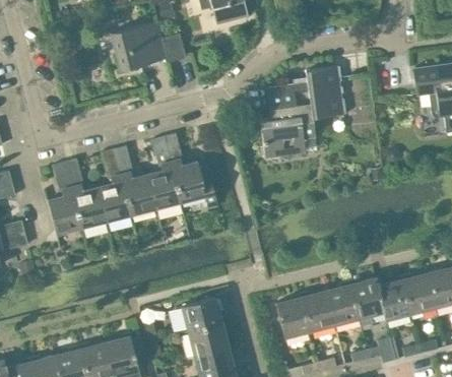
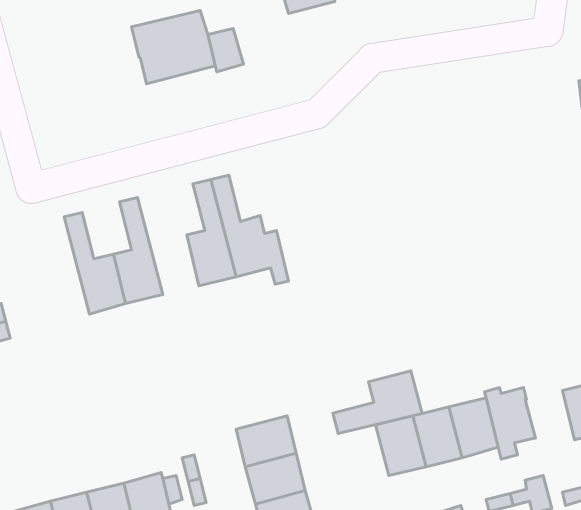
building: [260,66,345,159] -> none
building: [114,145,155,214] -> none
building: [47,162,81,234] -> none
building: none -> [333,371,422,434]
building: [377,279,410,320] -> none

